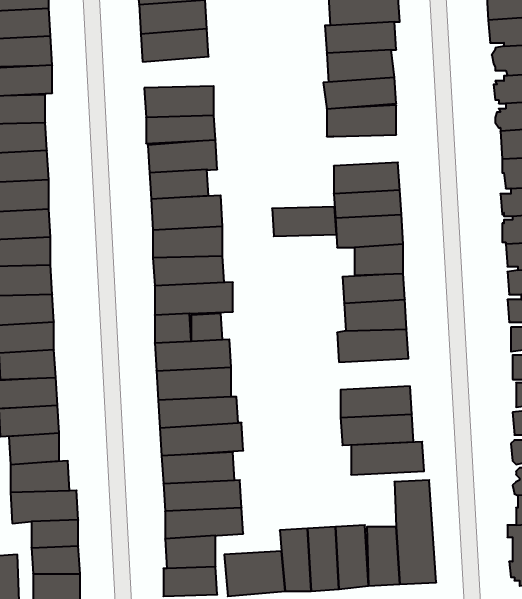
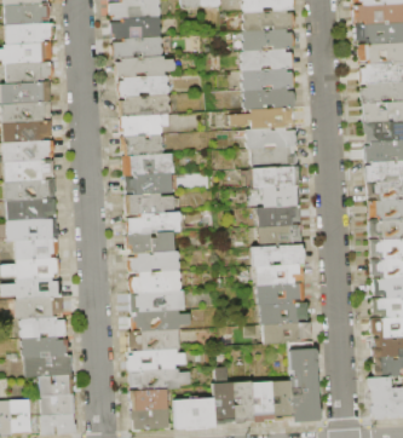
building: none -> [115,52,172,73]
building: [272,207,336,236] -> [248,105,293,126]
building: none -> [252,261,301,283]

